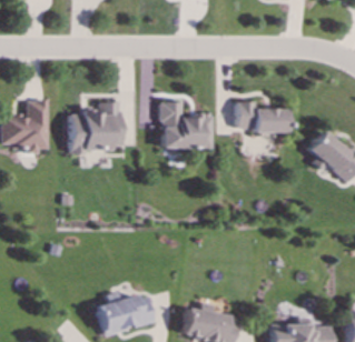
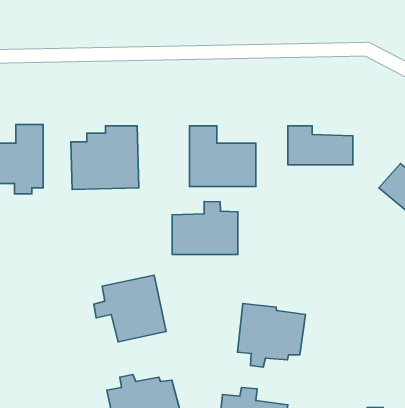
building: none -> [172,202,238,254]
building: none -> [94,275,166,342]
building: none -> [237,304,306,367]

